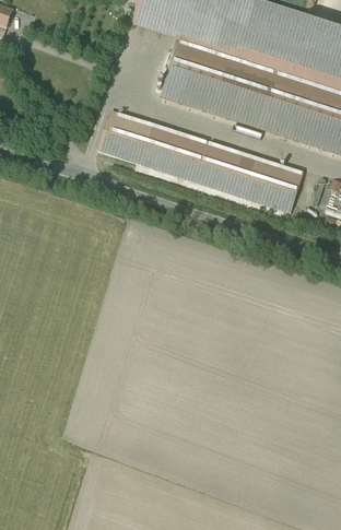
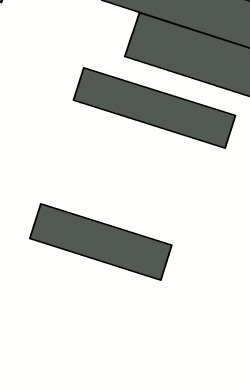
building: none -> [30,204,172,280]

